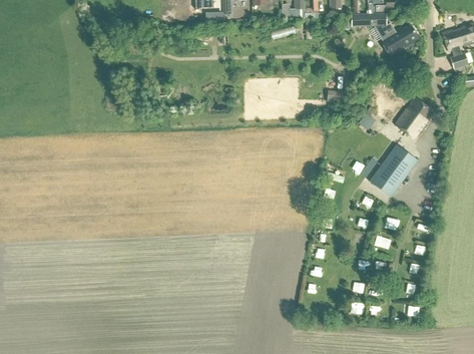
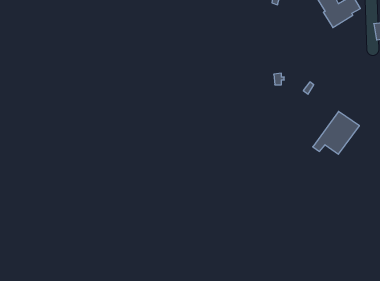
building: [395,97,434,138] -> none

